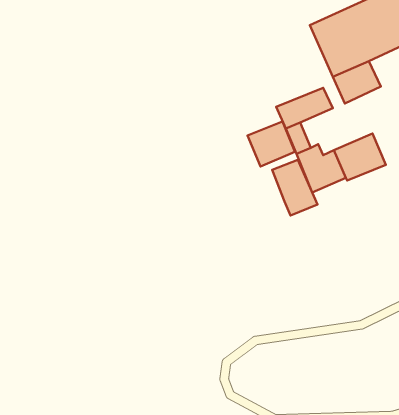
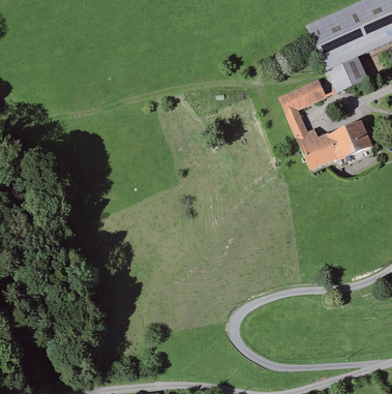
building: [248,122,295,167] -> none
building: [272,160,317,215] -> none

